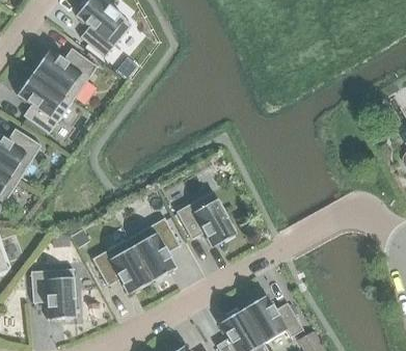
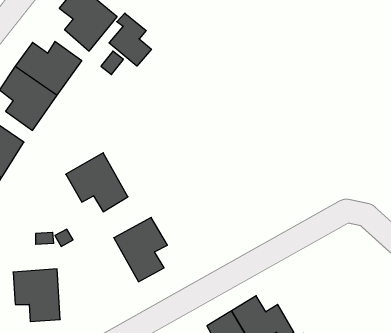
building: none -> [109,13,151,66]
building: [175,191,237,247] -> none
building: [91,238,152,295] -> [66,153,128,212]

